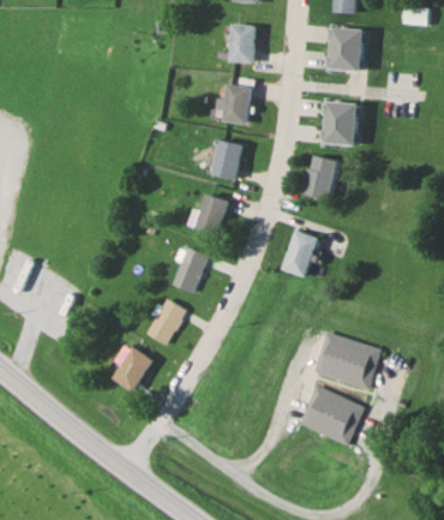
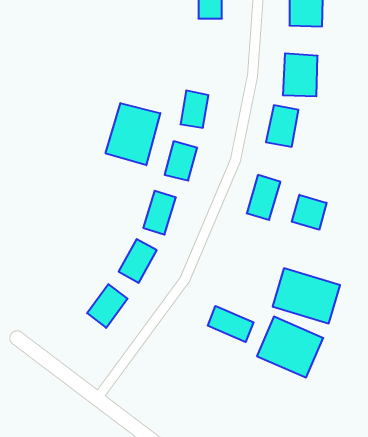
building: [222,84,251,125] -> none
building: none -> [106,103,160,165]
building: none -> [292,195,327,230]
building: none -> [208,306,254,342]

